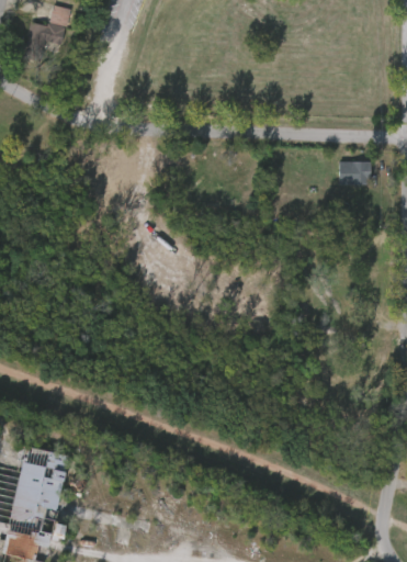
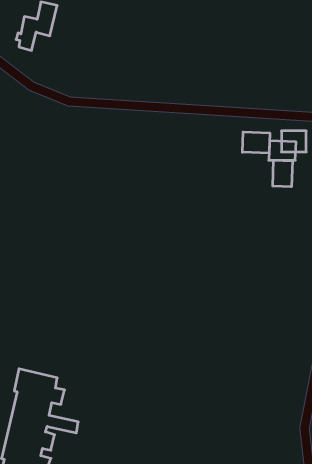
building: none -> [242,132,270,153]
building: none -> [273,160,292,187]

